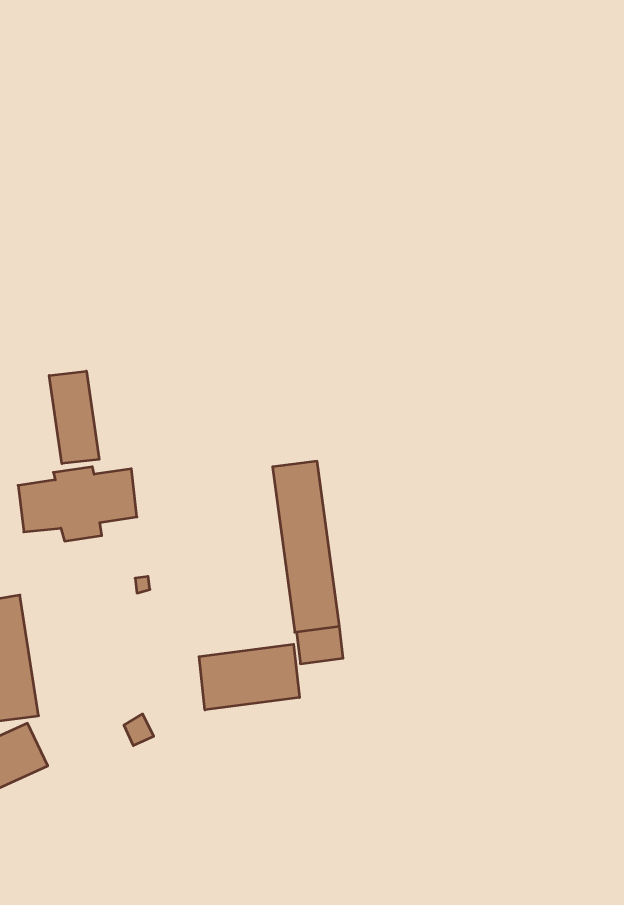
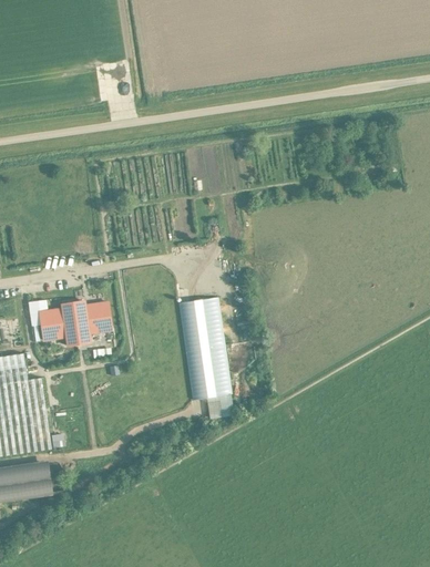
building: [49,371,99,464] -> none
building: [199,644,299,710] -> none

